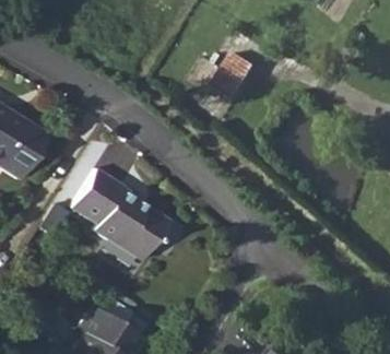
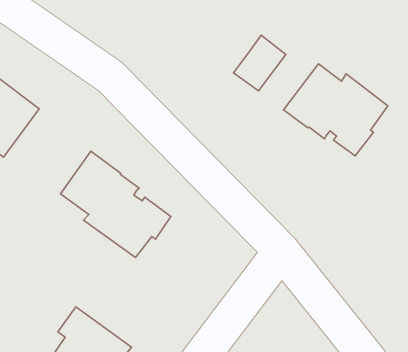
building: none -> [283,64,388,156]

